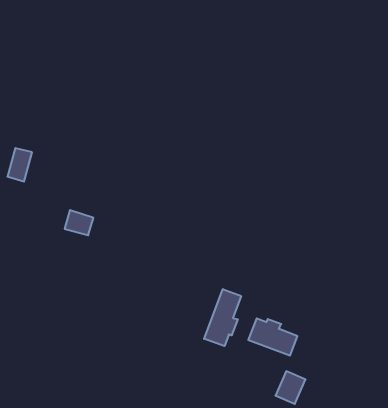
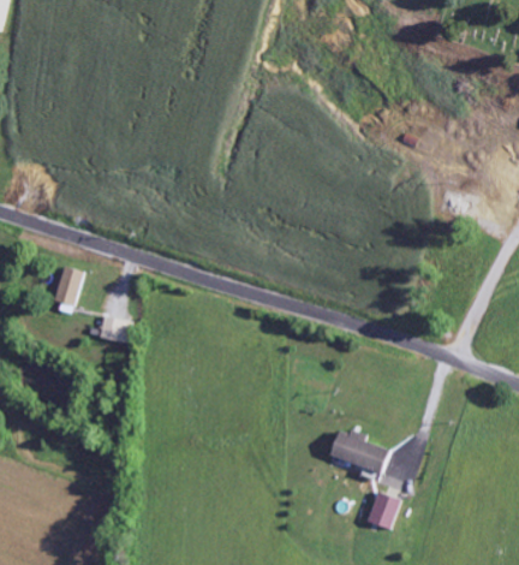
building: [7,148,32,182] -> [54,267,82,307]
building: [204,289,241,346] -> none

